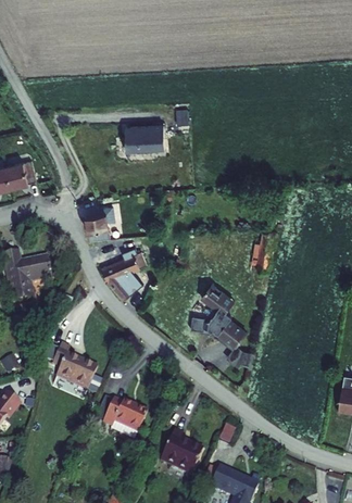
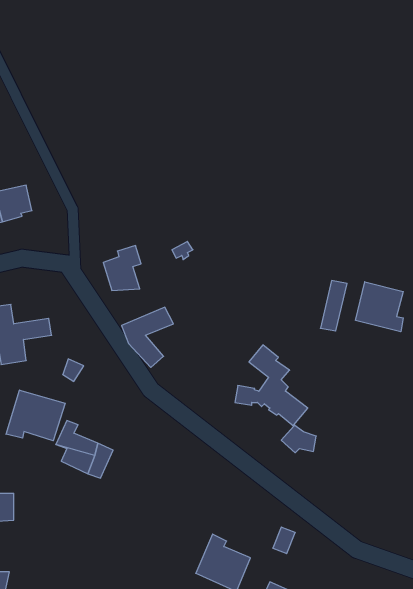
building: [127,126,167,152] -> none
building: none -> [356,282,403,332]
building: none -> [6,390,65,441]
building: [101,399,147,439] -> none

